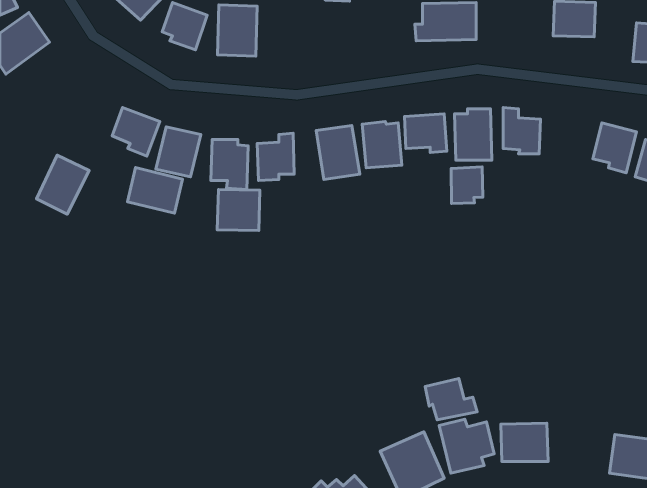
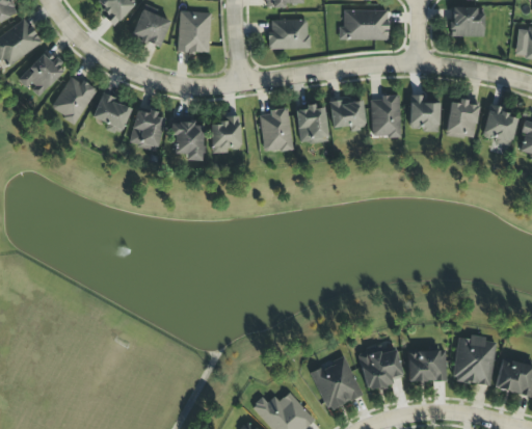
building: none -> [269,19,310,48]
building: none -> [19,50,65,97]
building: none -> [446,100,480,138]
building: [37,155,89,214] -> [53,75,96,123]
building: [451,167,483,204] -> none
building: [127,168,183,213] -> none
building: [217,189,260,231] -> none
building: [425,378,477,420] -> none
building: none -> [453,334,496,384]

